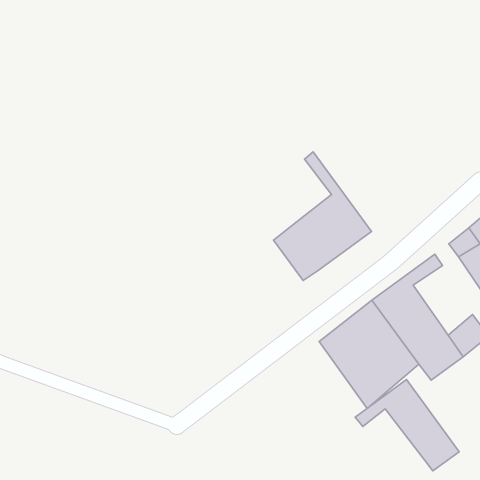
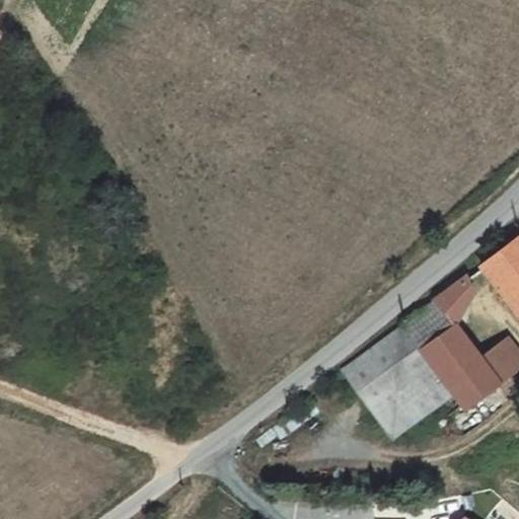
building: [274,152,372,281] -> none
building: [355,379,459,471] -> none

